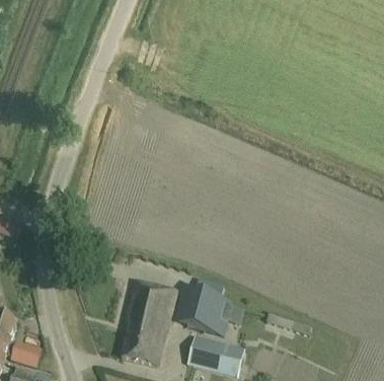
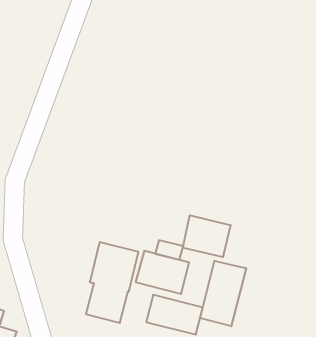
building: none -> [183,215,231,257]
building: none -> [200,261,246,326]

